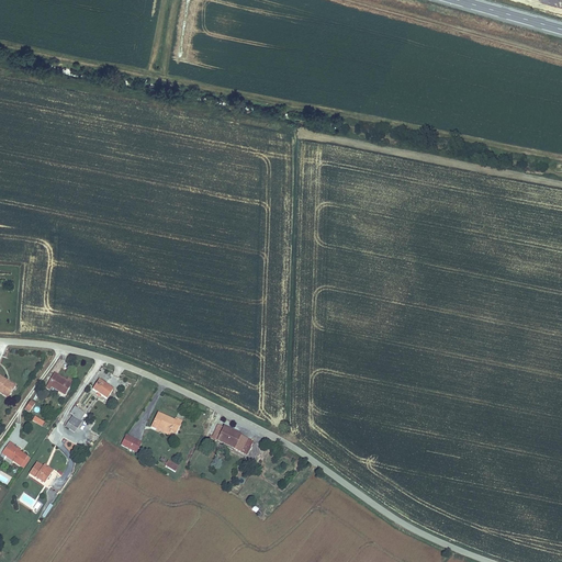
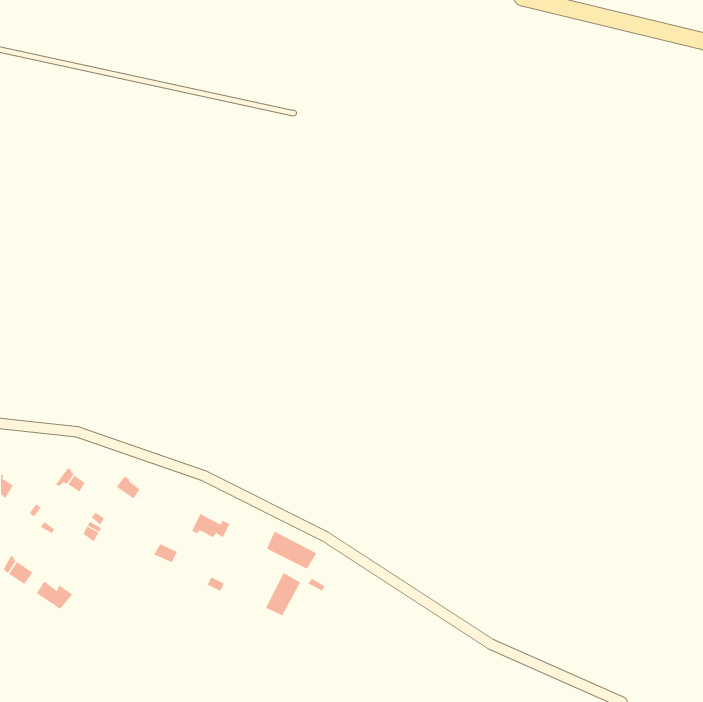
building: none -> [265,572,301,616]

